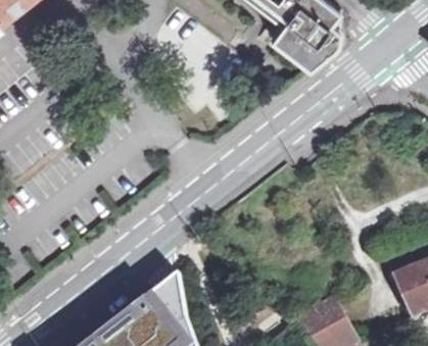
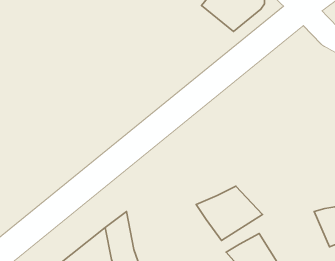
building: none -> [196,186,262,240]

